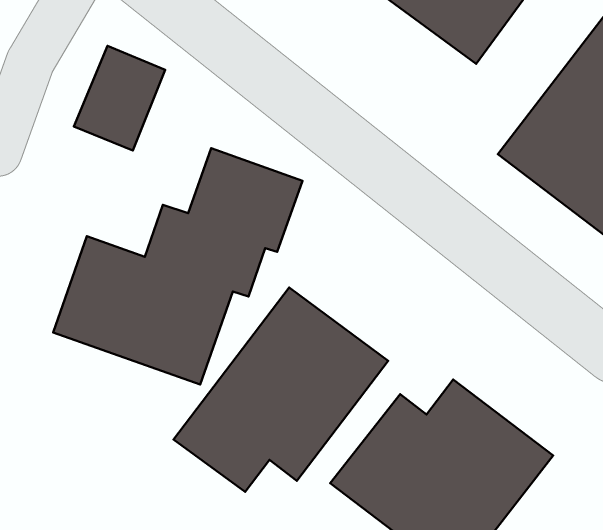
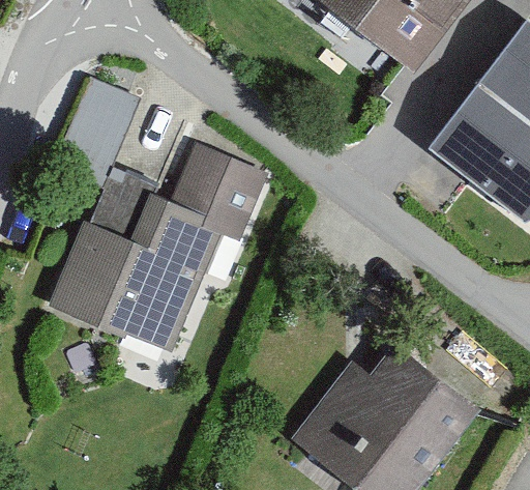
building: [173,287,388,492] -> none

